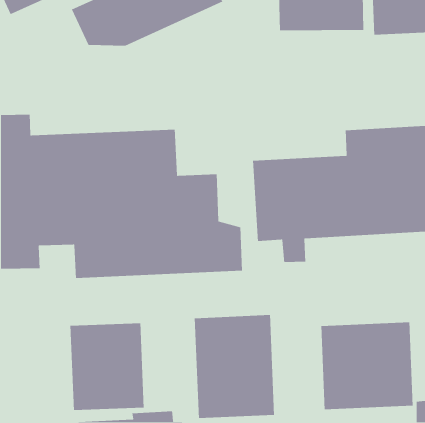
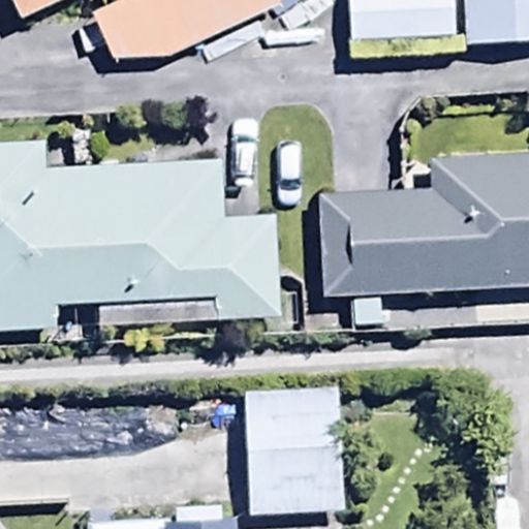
building: [321,322,414,410] -> none
building: [70,322,145,411] -> none

